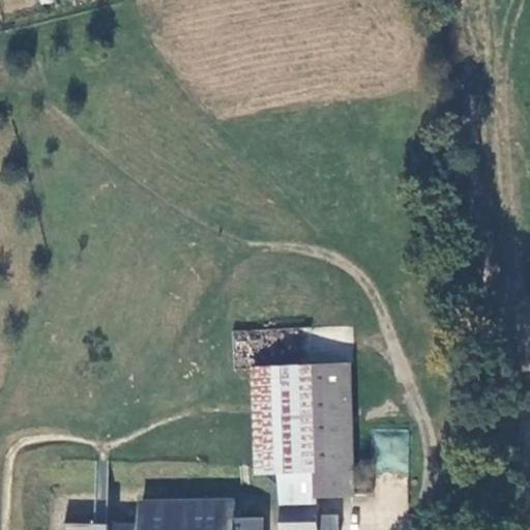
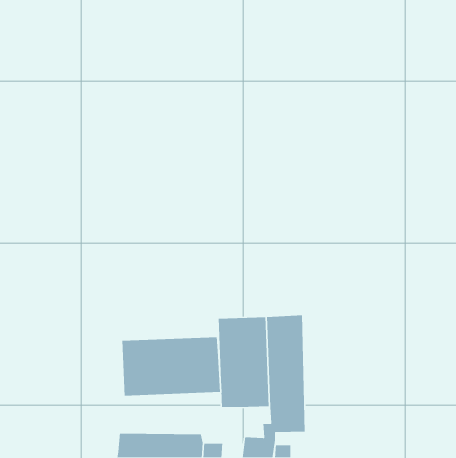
building: none -> [121,336,221,396]
building: [275,470,313,505] -> none

